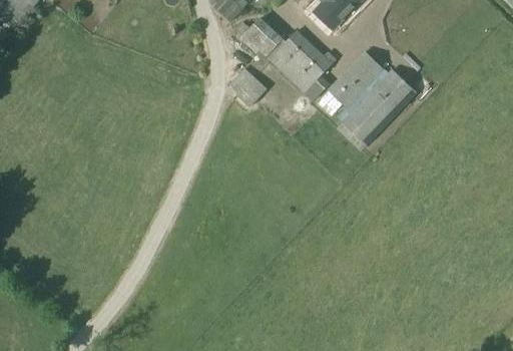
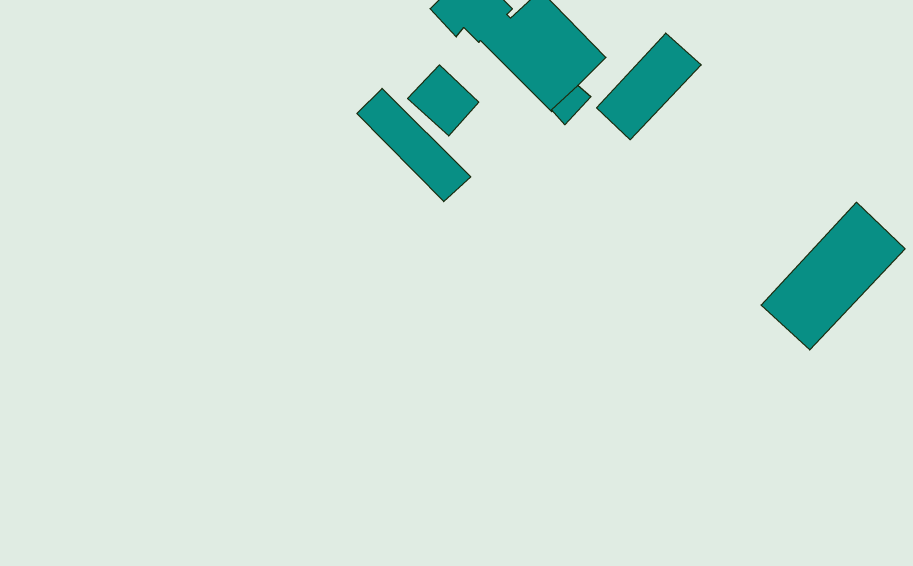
building: [340,67,417,146] -> [761,202,905,350]
building: none -> [357,88,471,202]

